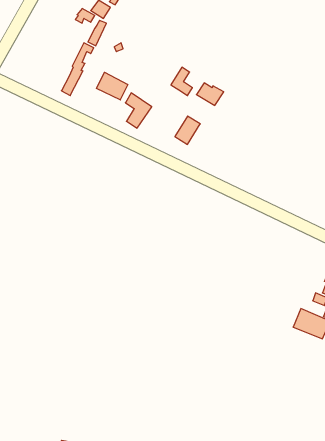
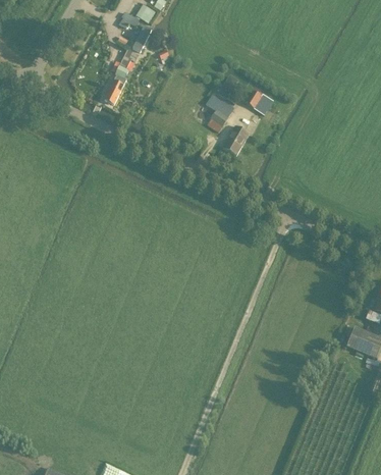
building: [96,72,128,100] -> none
building: [125,93,152,128] -> [206,95,233,131]

